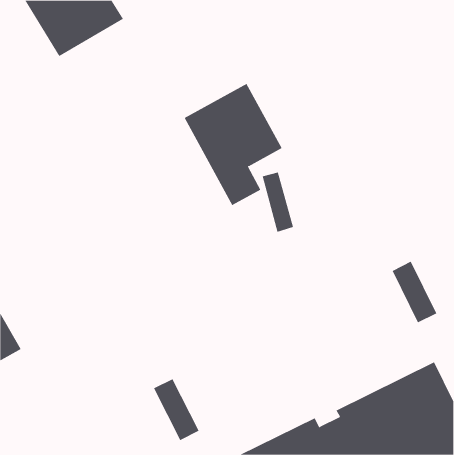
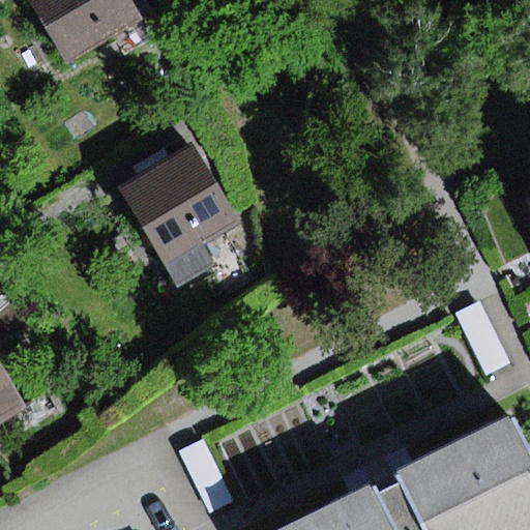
building: [184,83,283,206] -> [125,147,240,290]

